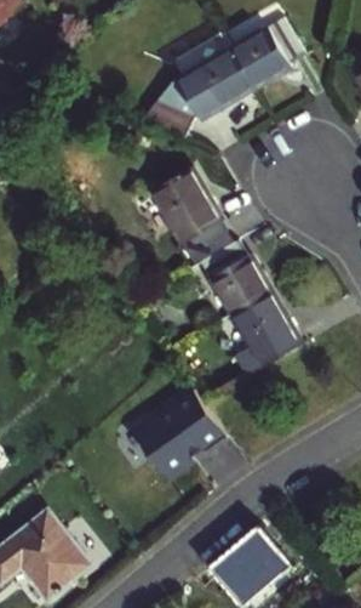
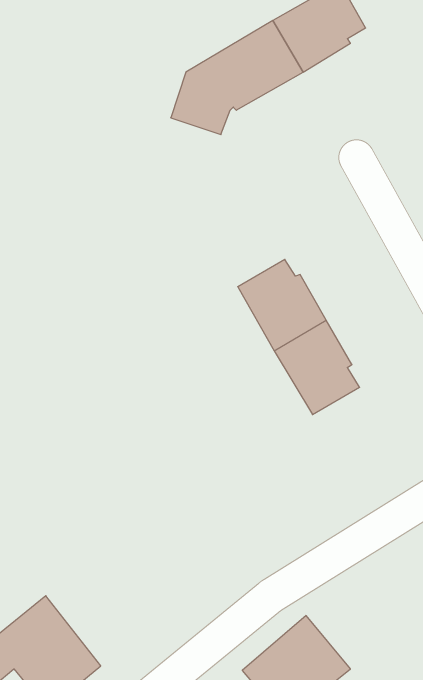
building: [150,167,222,244] -> none
building: [130,388,222,476] -> none

